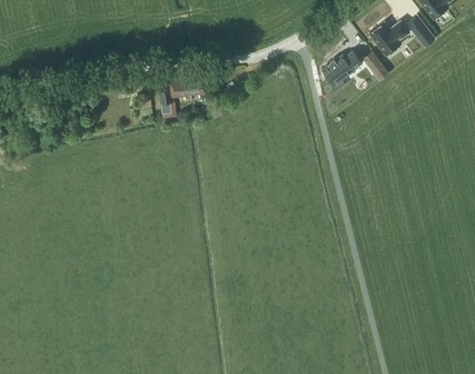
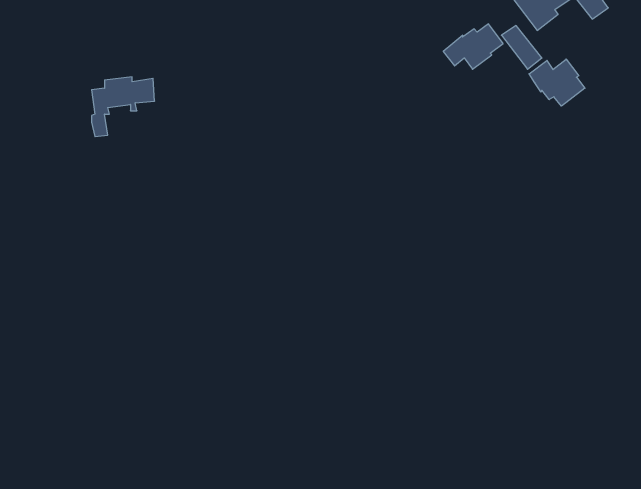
building: none -> [529,59,585,106]
building: [161,76,205,117] -> [92,77,155,137]

